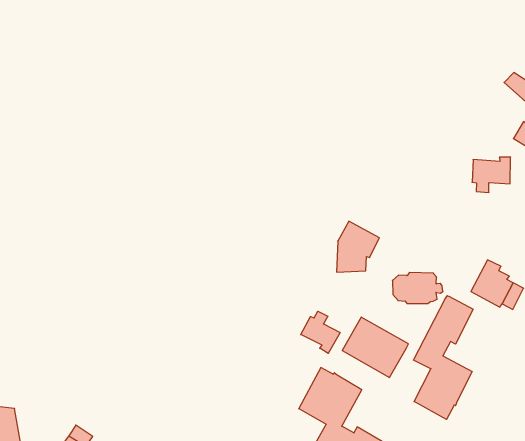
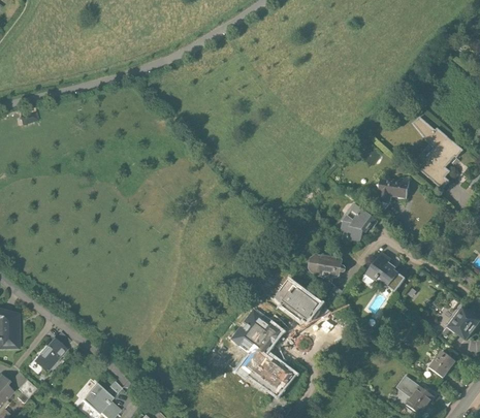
building: [337,221,379,272] -> [340,202,375,240]
building: [413,296,473,419] -> none
building: [301,311,340,353] -> none

